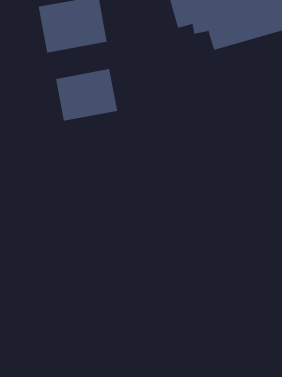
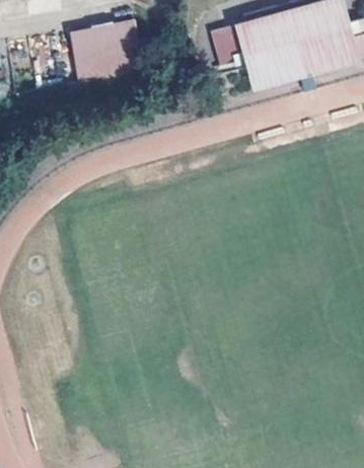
building: [55,68,118,122] -> none

